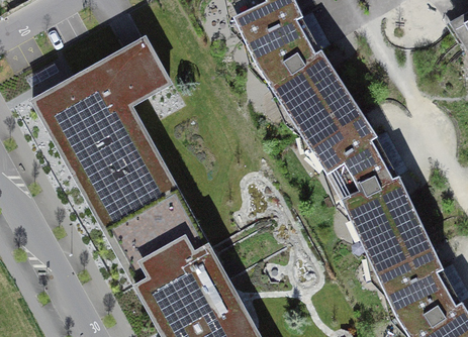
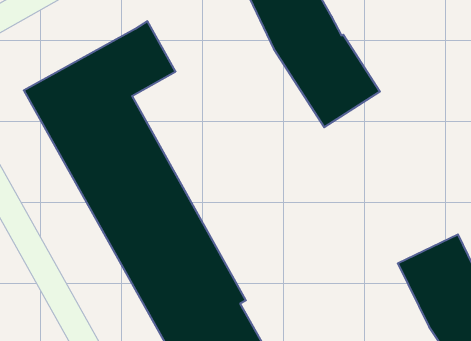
building: [303,102,425,257] -> none

